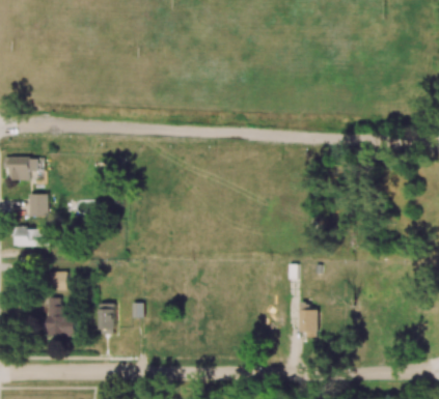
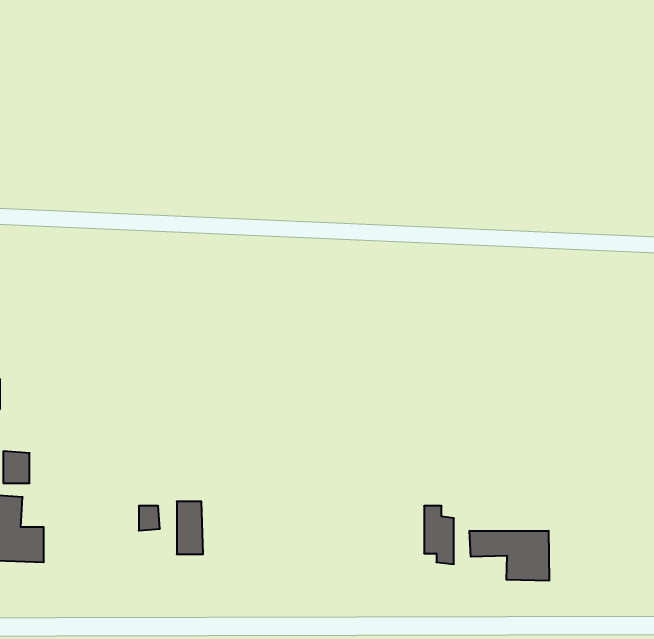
building: [97,304,112,335] -> [177,501,203,554]
building: none -> [470,531,549,581]

